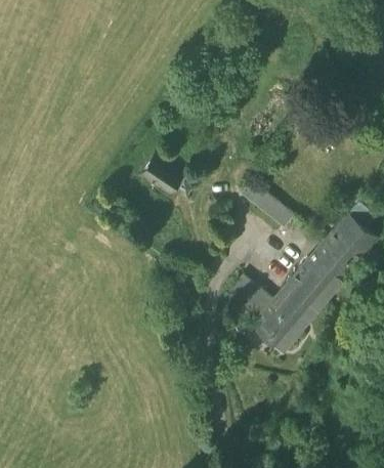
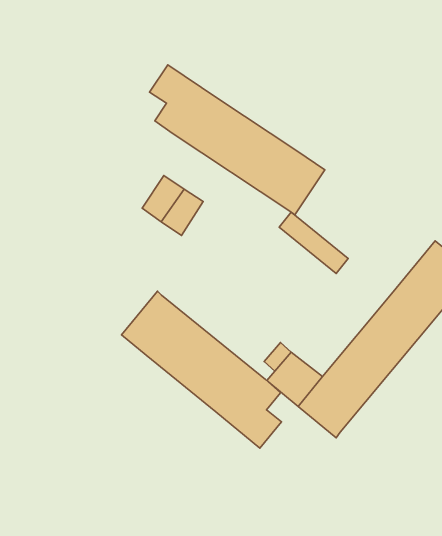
building: none -> [150,65,325,215]
building: none -> [122,291,281,448]

